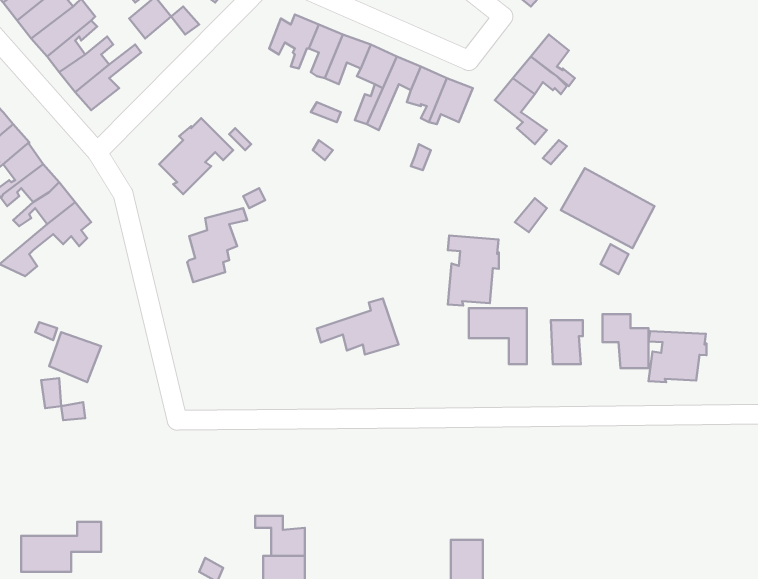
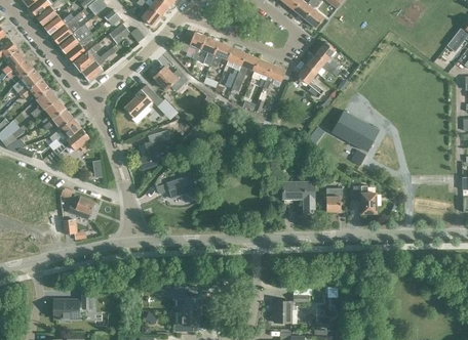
building: none -> [154,67,187,91]
building: [448,236,499,306] -> none
building: [317,299,399,355] -> [156,171,198,200]
building: [649,331,707,382] -> none

